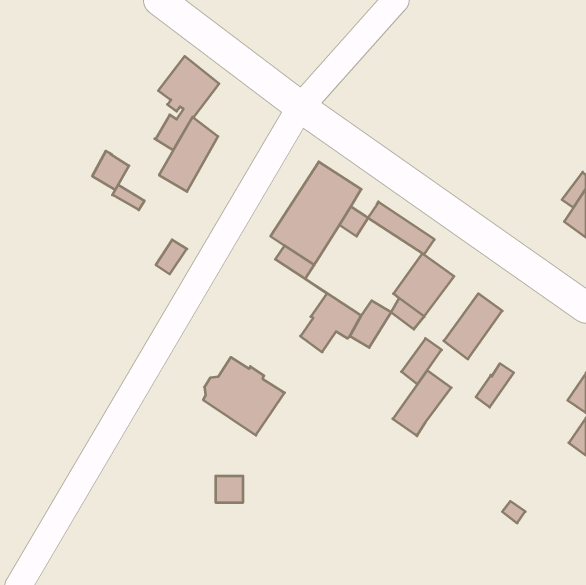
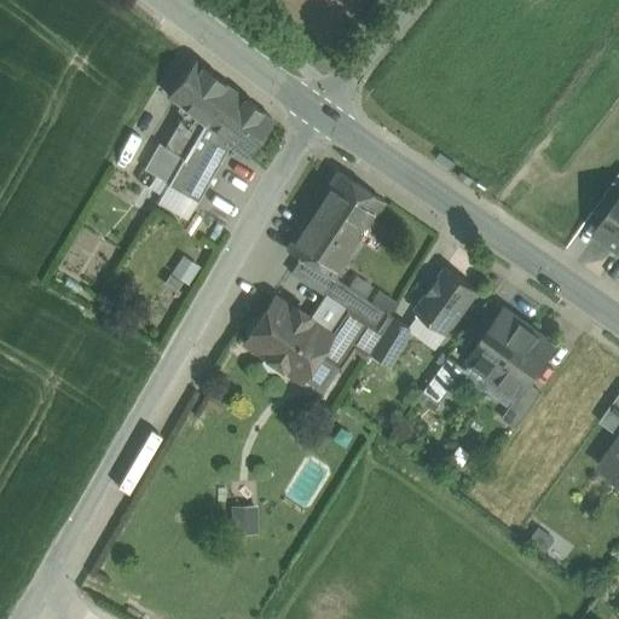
building: none -> [203,89,272,156]
building: [92,151,129,190] -> [144,144,183,185]
building: [368,202,434,255] -> [322,278,392,334]
building: [203,357,285,435] -> [244,299,330,381]
building: [393,371,451,436] -> [493,329,555,398]

